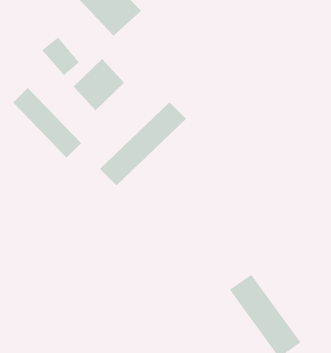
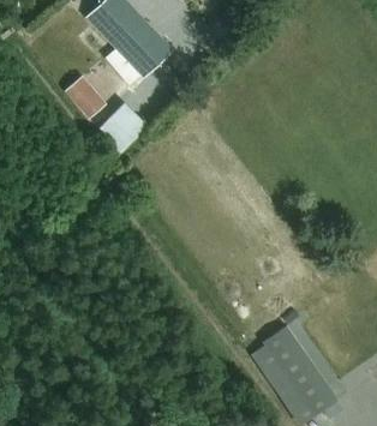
building: [13,87,82,158] -> none
building: [99,101,187,186] -> none

